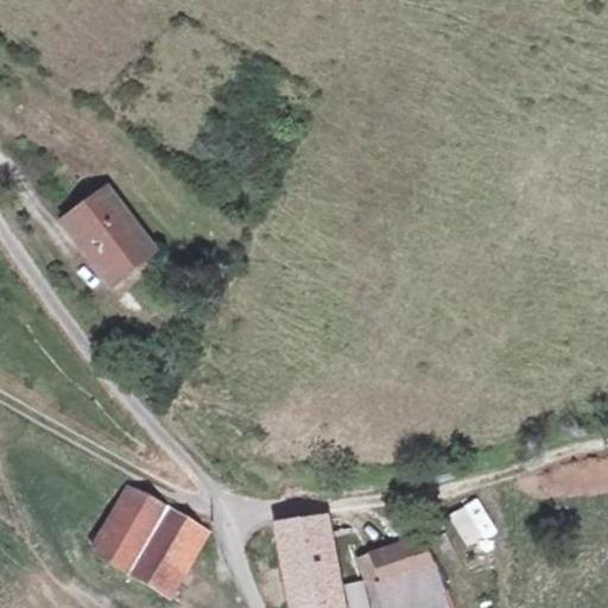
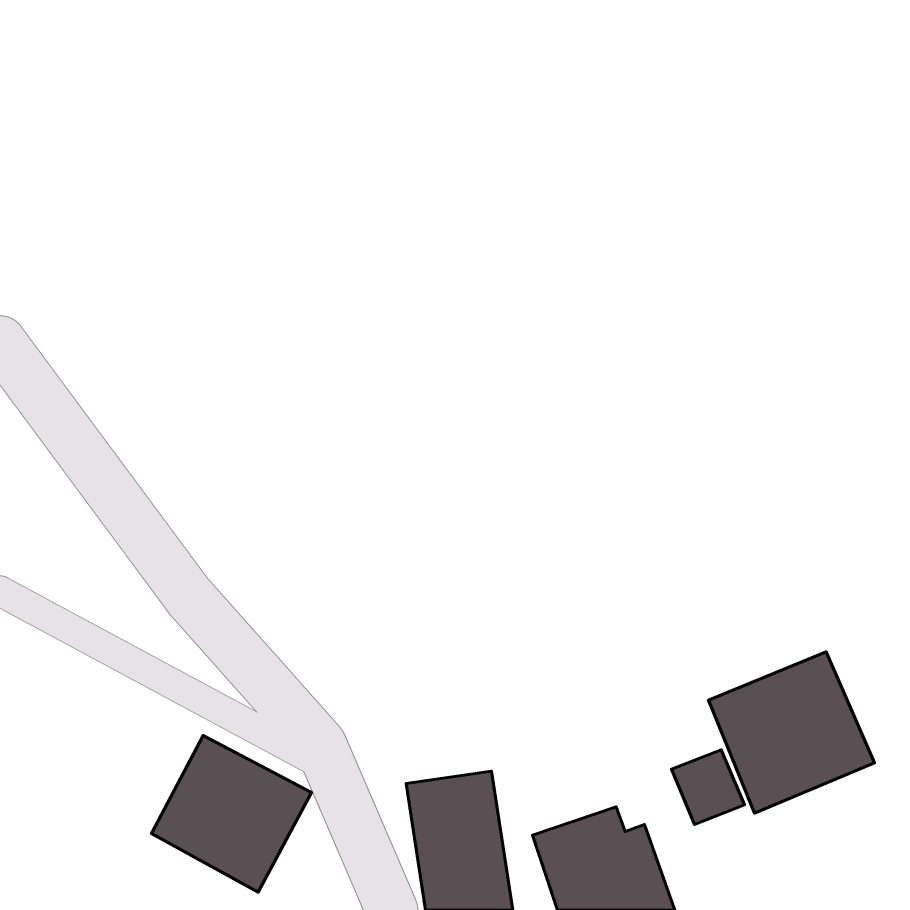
building: [65,192,151,281] -> none
building: none -> [709,652,875,813]

